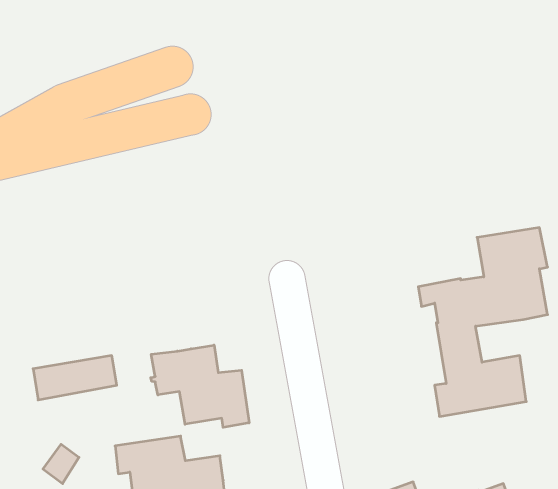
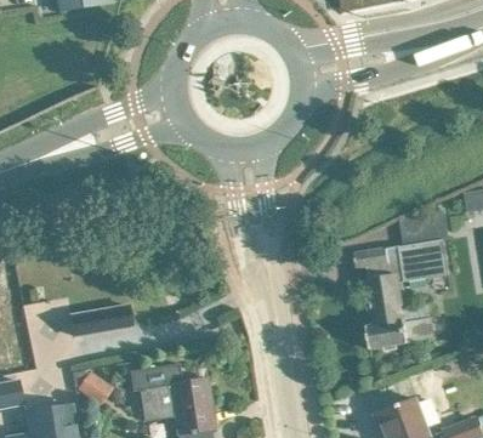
building: [151,345,249,427] -> none

